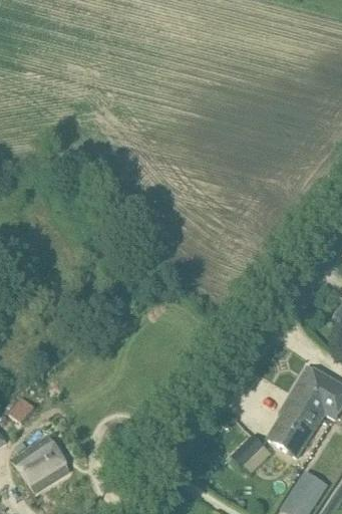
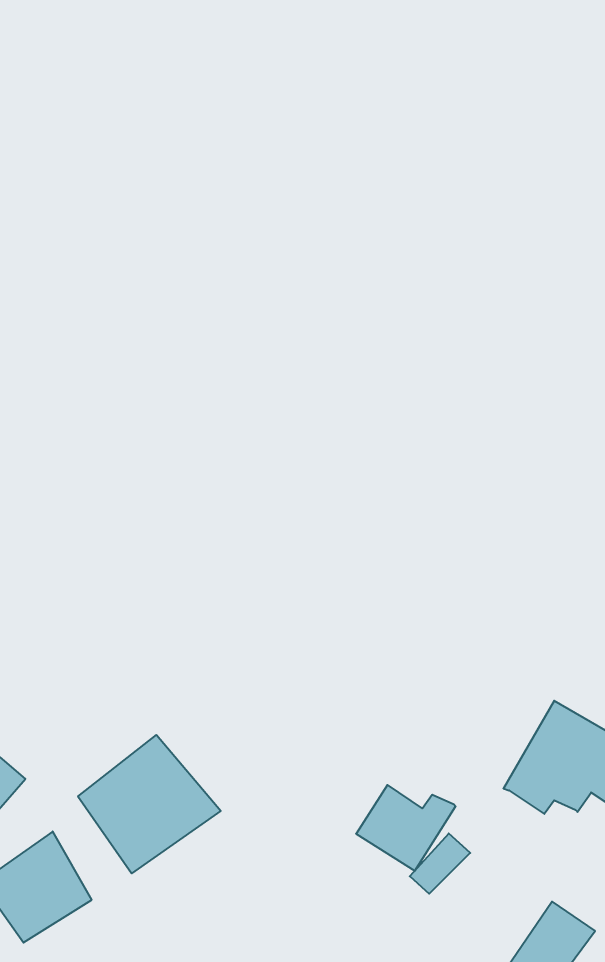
building: none -> [78,735,221,873]
building: [269,412,320,456] -> [356,785,456,871]

